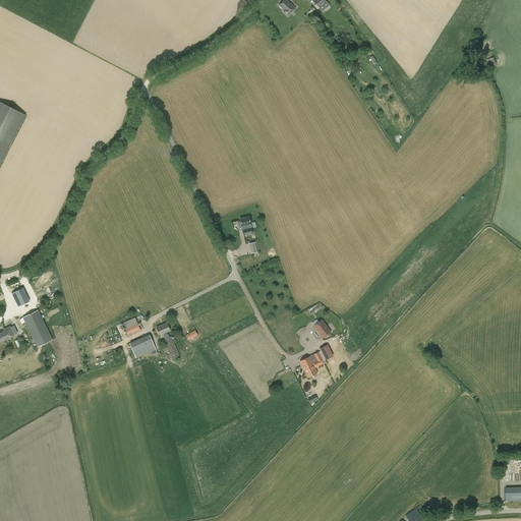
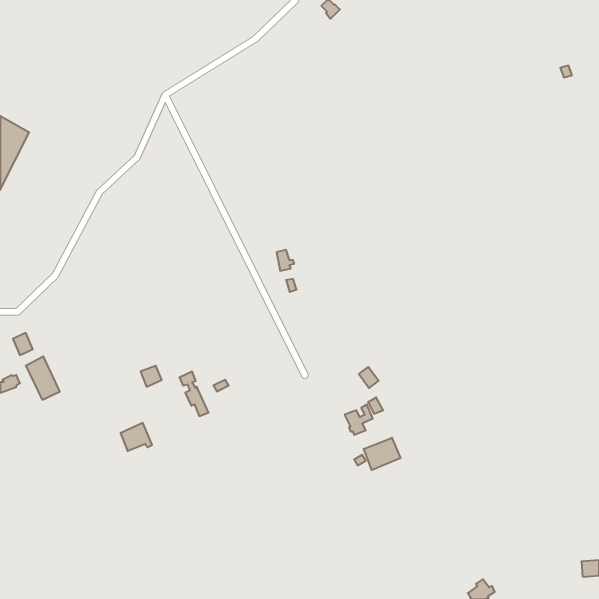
building: [129,334,157,358] -> [120,423,152,451]
building: none -> [364,438,400,470]

